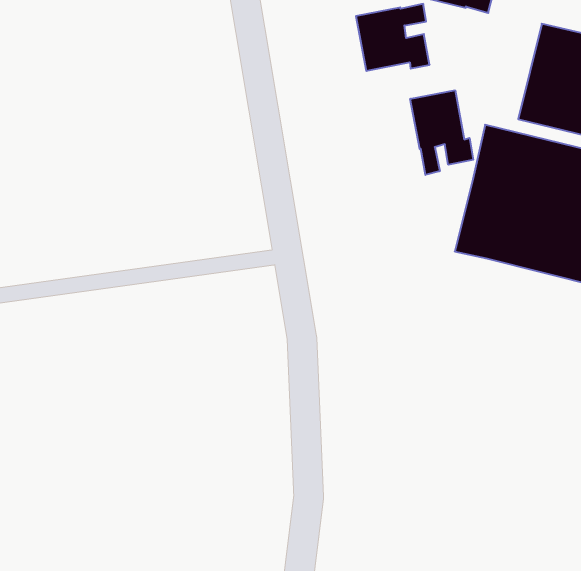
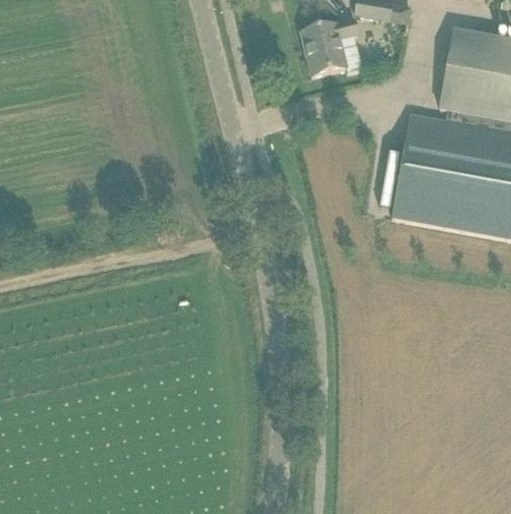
building: [410,90,473,175] -> none

